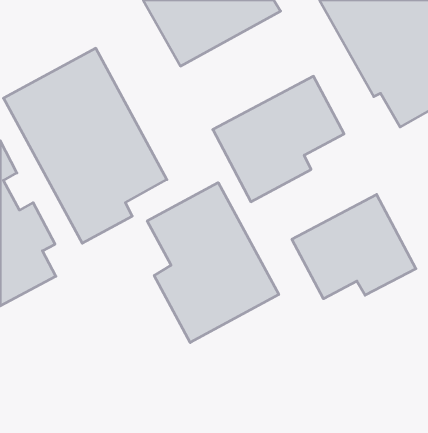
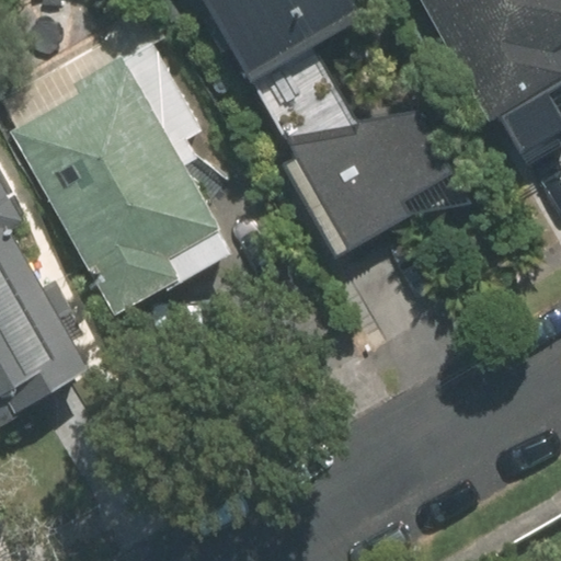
building: [147,183,279,343] -> none
building: [292,194,416,299] -> none

